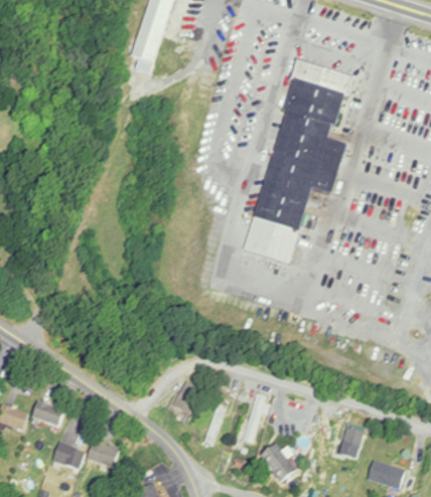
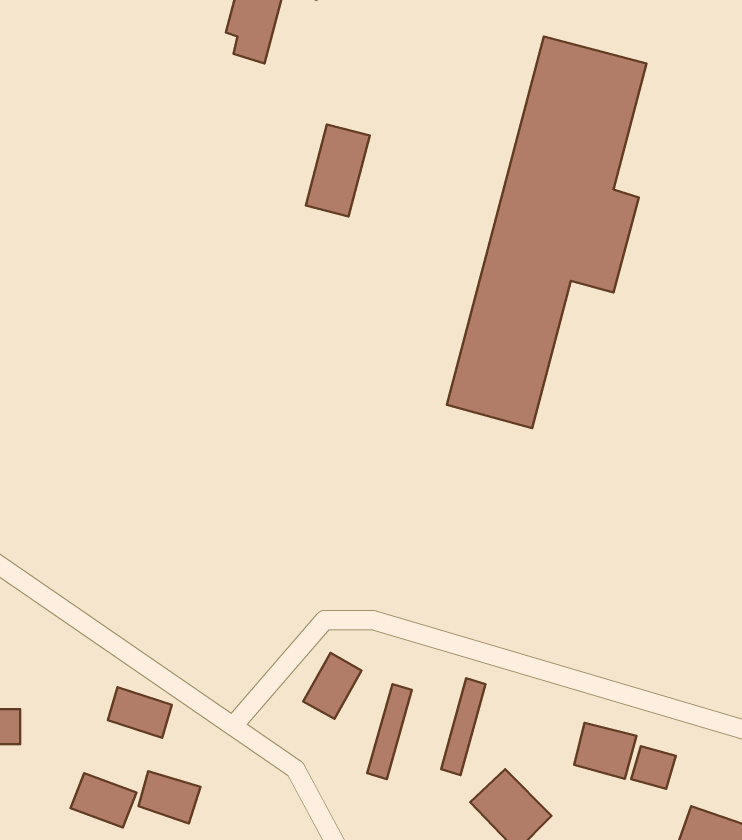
building: none -> [306,125,370,216]
building: [30,400,63,427] -> [108,687,172,738]
building: none -> [574,723,637,779]

